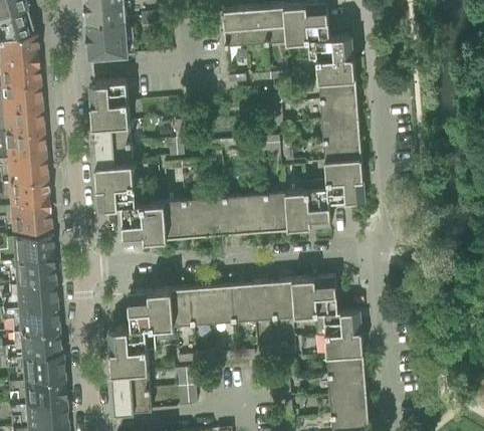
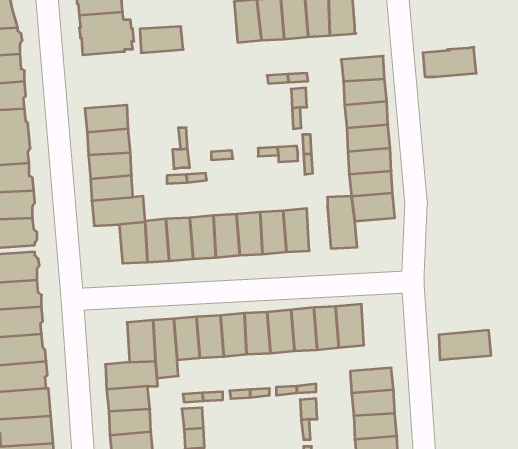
building: [308,36,355,62] -> [423,47,476,77]
building: [91,82,130,105] -> [140,27,183,53]
building: [288,193,309,231] -> none
building: [316,312,362,339] -> [439,330,491,360]

